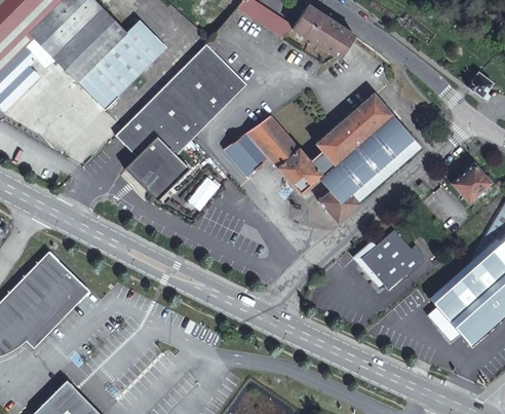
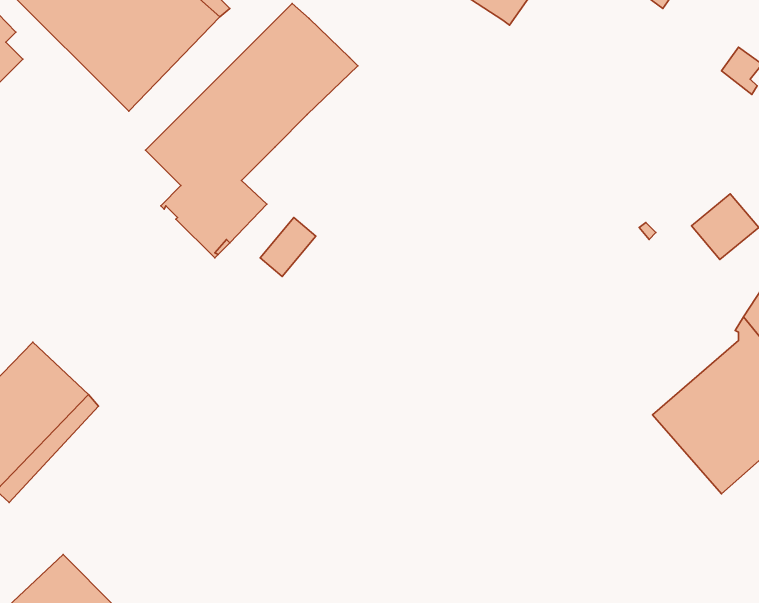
building: [223,89,422,220] -> none
building: [360,227,419,286] -> none

